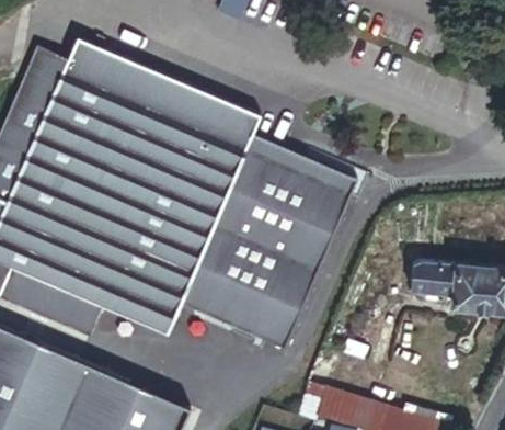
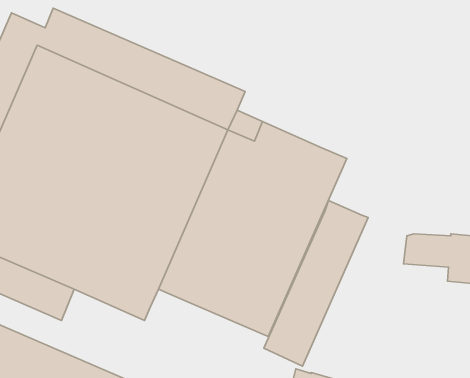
building: none -> [264,200,368,366]

